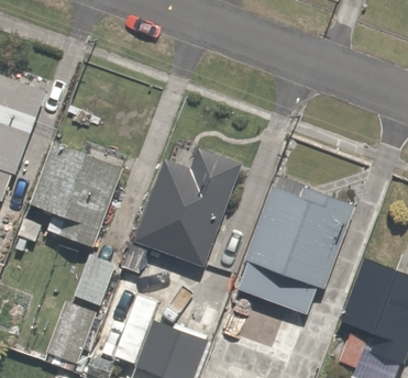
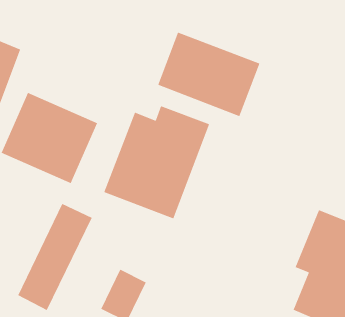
building: none -> [157,31,260,117]
building: [235,185,348,314] -> none

